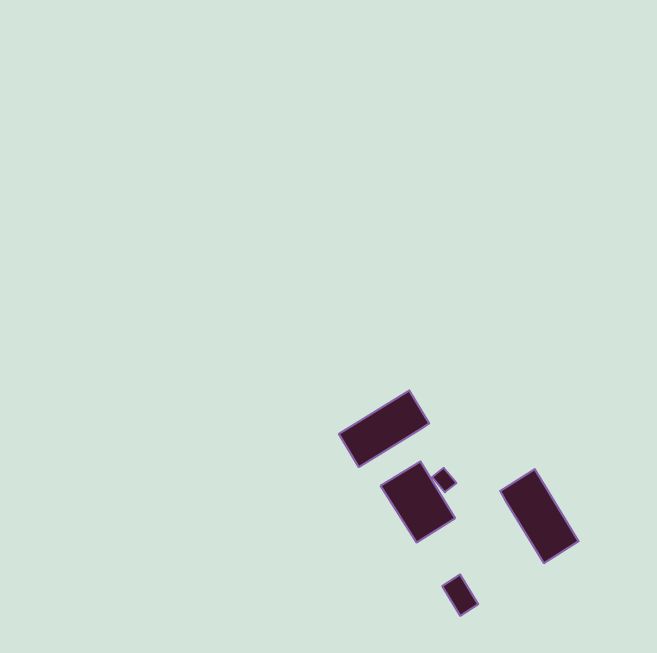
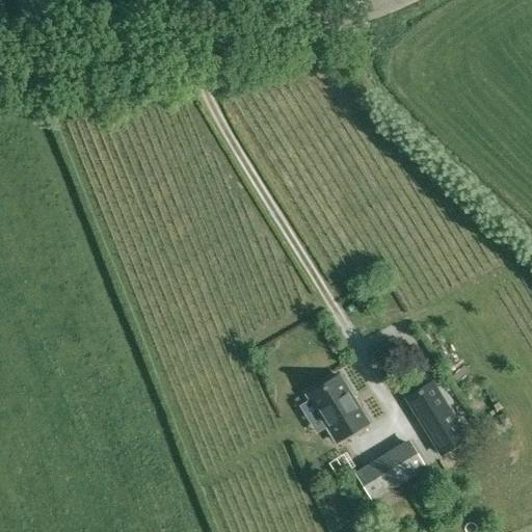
building: [339,390,429,467] -> none
building: none -> [384,441,425,481]

